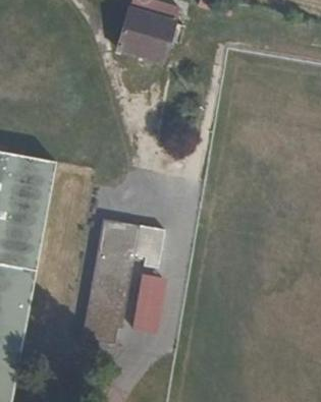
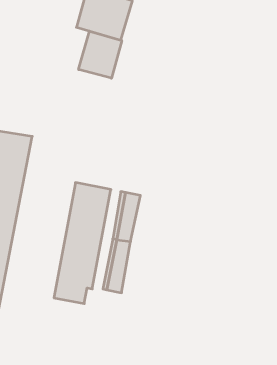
building: none -> [79,31,122,78]

